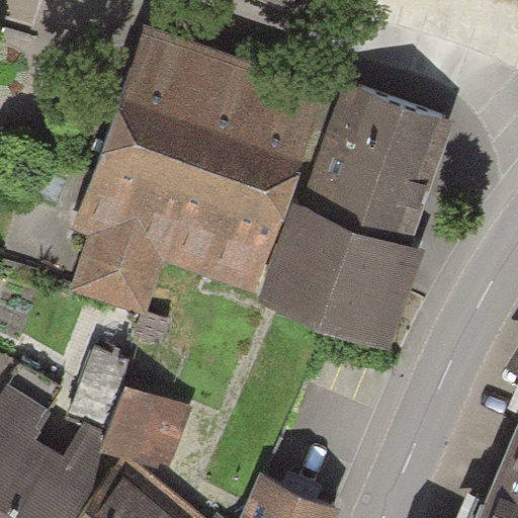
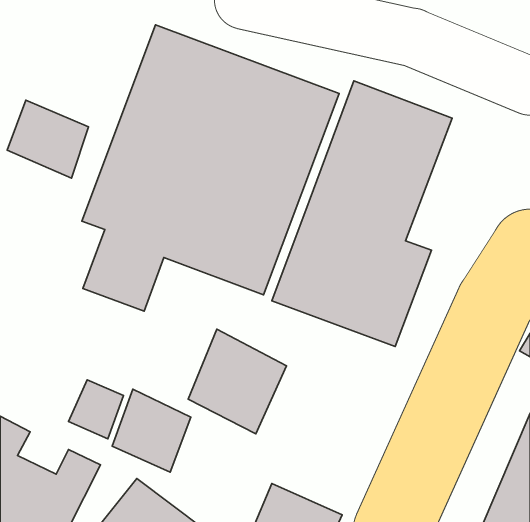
building: none -> [7,100,89,178]
building: none -> [188,329,286,434]

